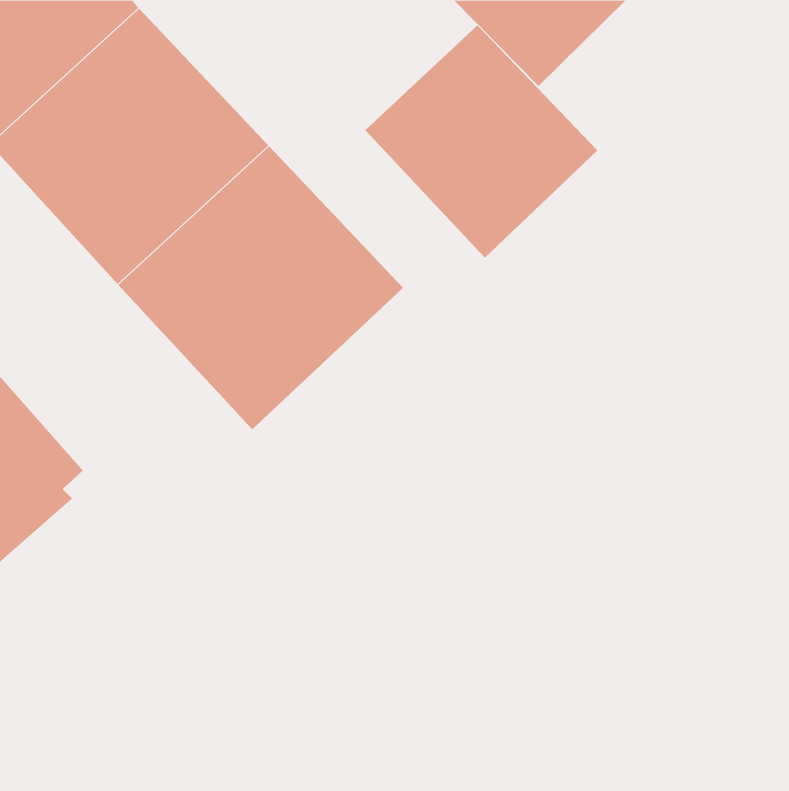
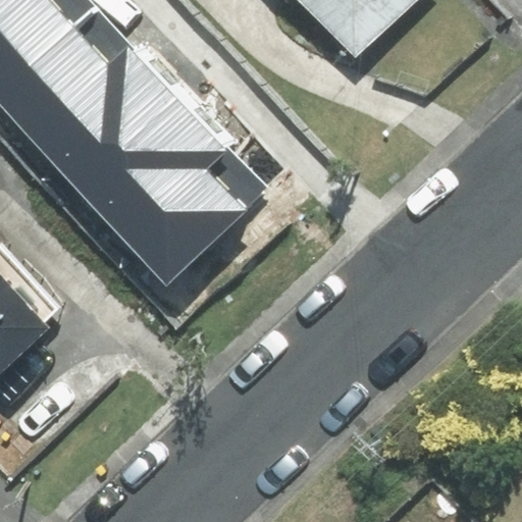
building: [364,25,598,258] -> none

